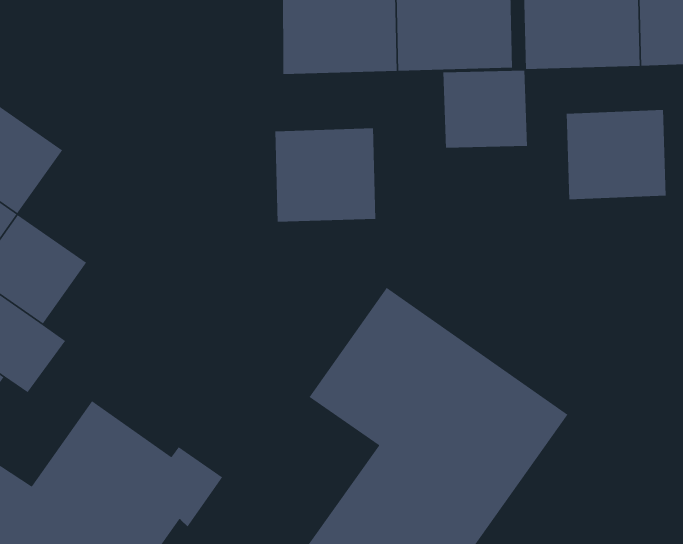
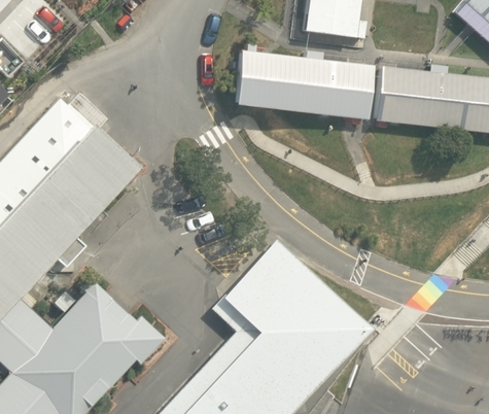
building: [443,70,528,148] -> none
building: [566,109,666,200] -> none
building: [274,128,376,223] -> none
building: none -> [66,132,135,200]

